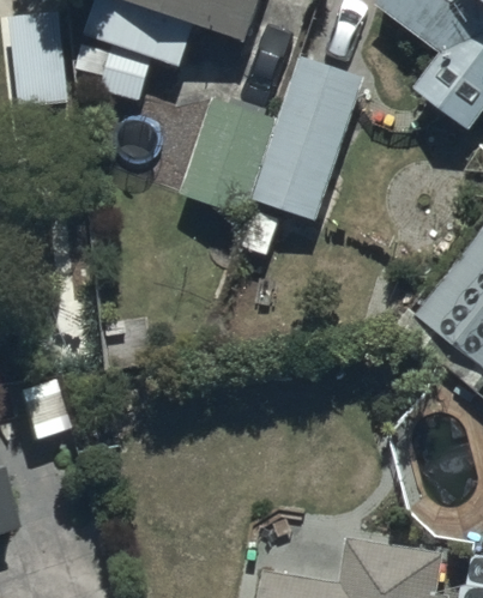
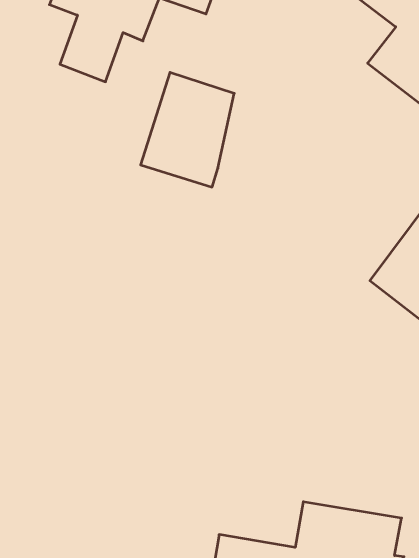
building: [258,58,366,216] -> none

